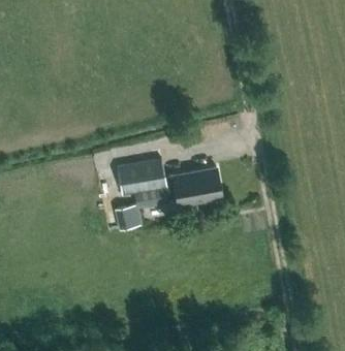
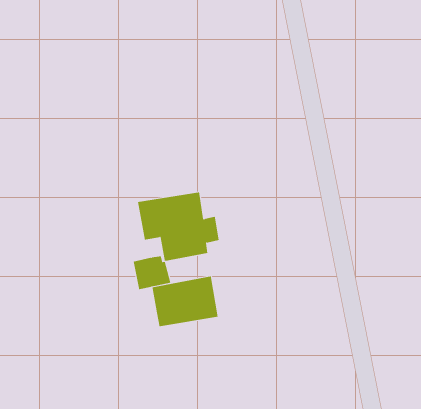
building: [174,169,222,206] -> [152,276,219,327]

